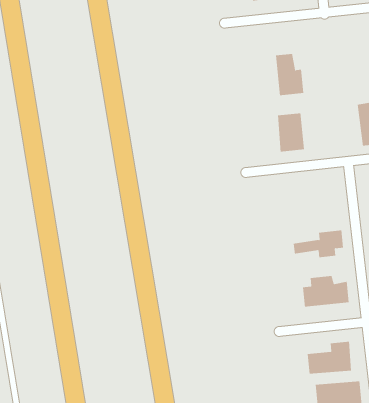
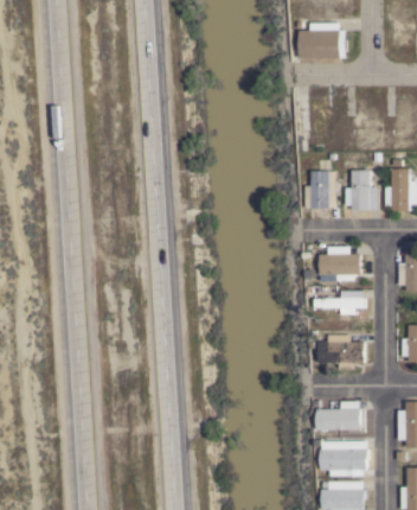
building: [275,53,304,96] -> [351,170,376,210]
building: none -> [319,246,360,274]

